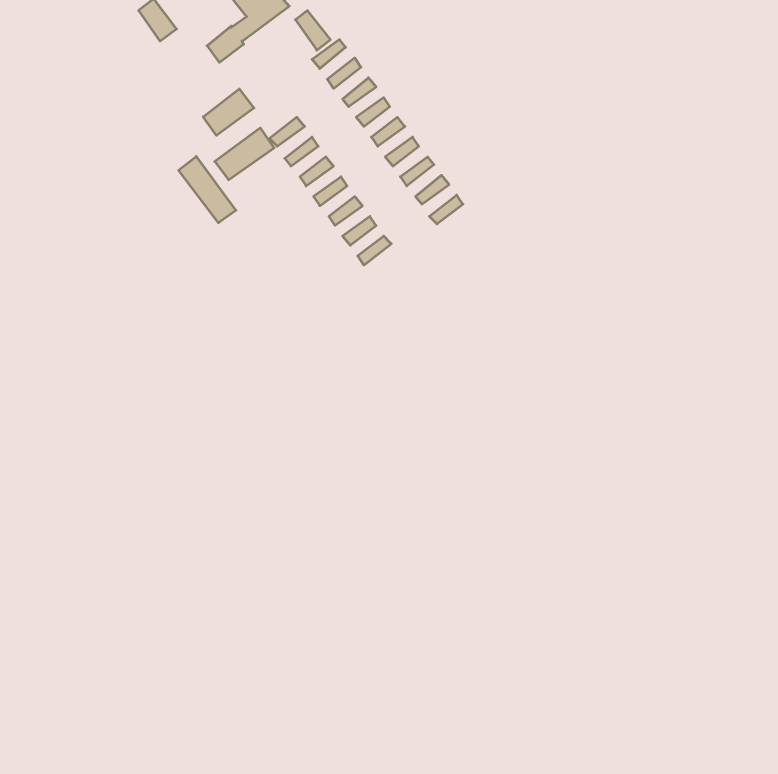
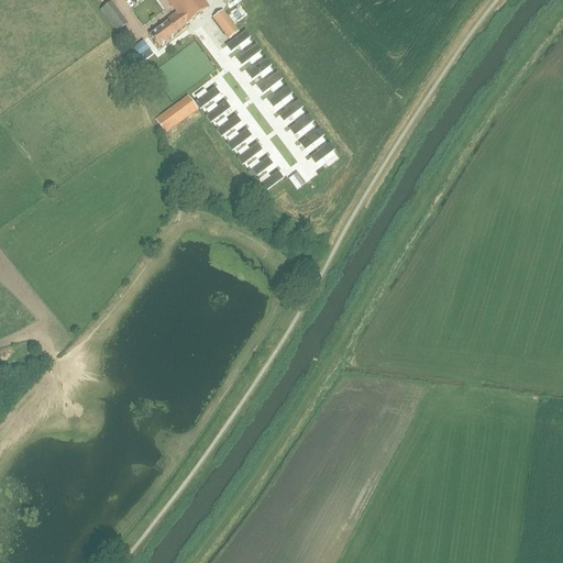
building: [203,89,254,135] -> none
building: [179,156,236,223] -> none

